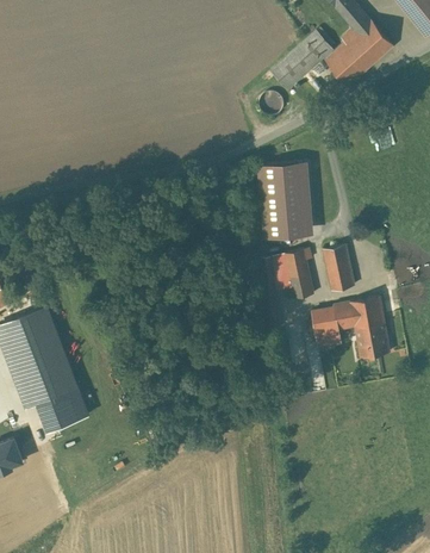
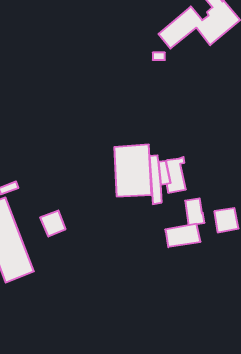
building: [264,161,319,237] -> [114,145,151,196]
building: [322,246,353,292] -> none
building: [331,297,384,331] -> [165,224,201,247]
building: none -> [40,210,65,237]

